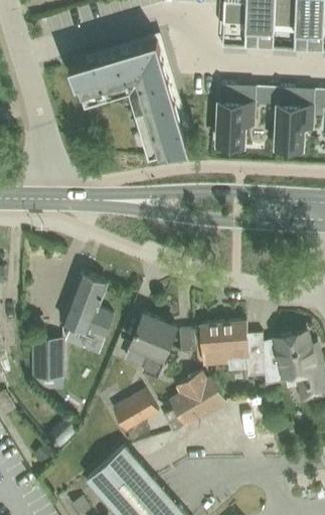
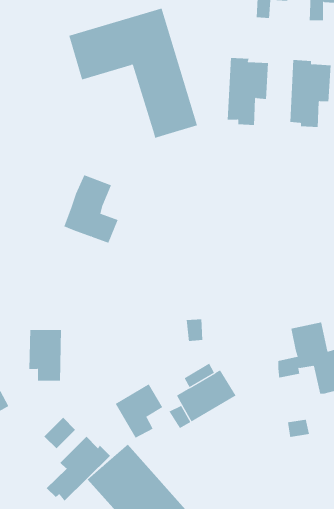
building: [61,274,113,338] -> [63,175,118,244]
building: [130,315,175,379] -> none
building: [199,322,264,378] -> none
building: none -> [46,436,111,501]

